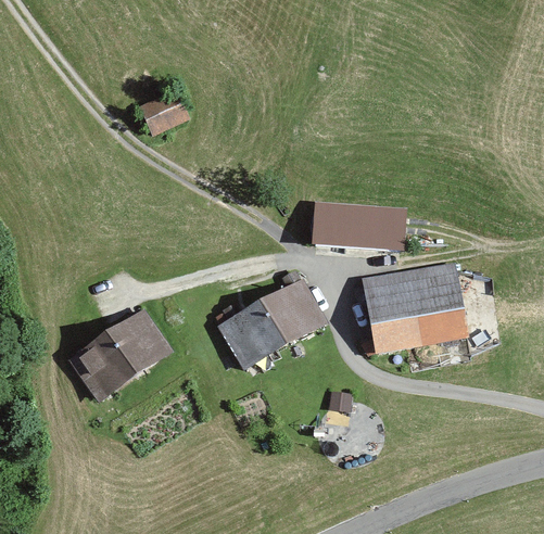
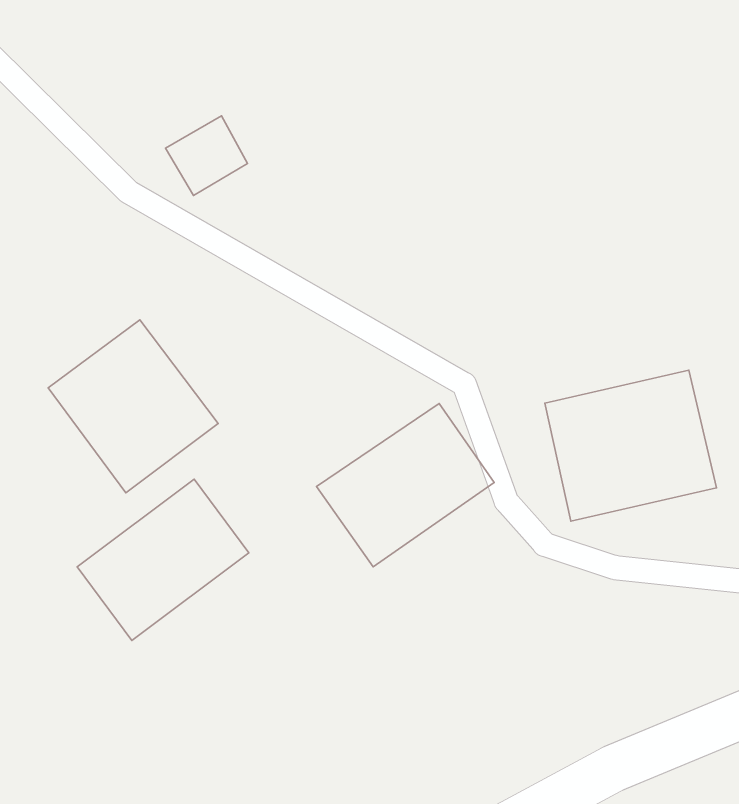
building: [311,196,406,249] -> none
building: none -> [48,320,218,493]

